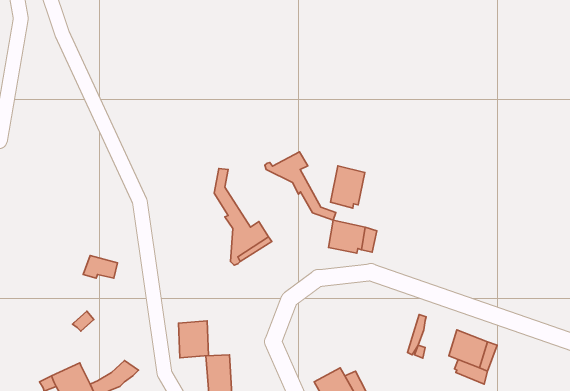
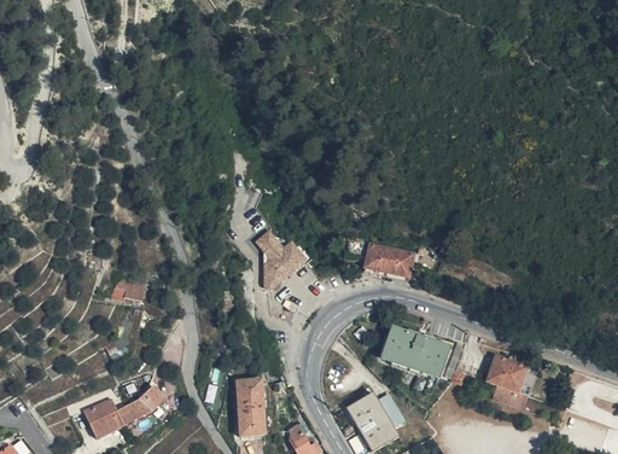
building: [265,152,336,220] -> none
building: [331,166,365,208] -> none
building: none -> [378,322,447,377]
building: [178,321,208,358] -> none

